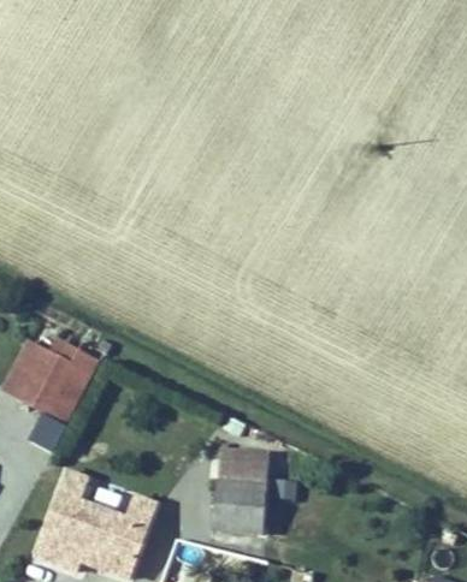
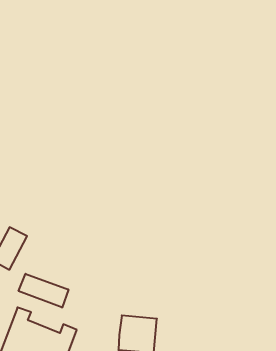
building: none -> [19,274,68,308]
building: [220,462,276,491] -> none

